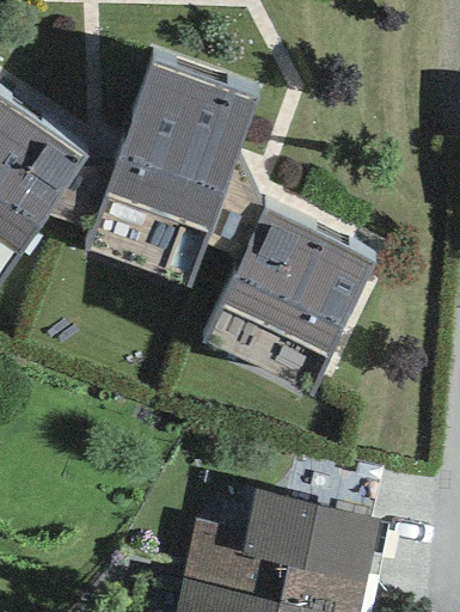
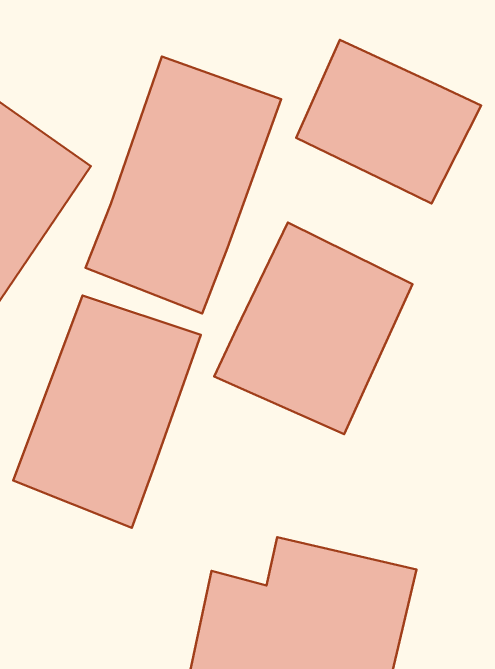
building: none -> [296,40,481,204]
building: none -> [13,295,201,528]

